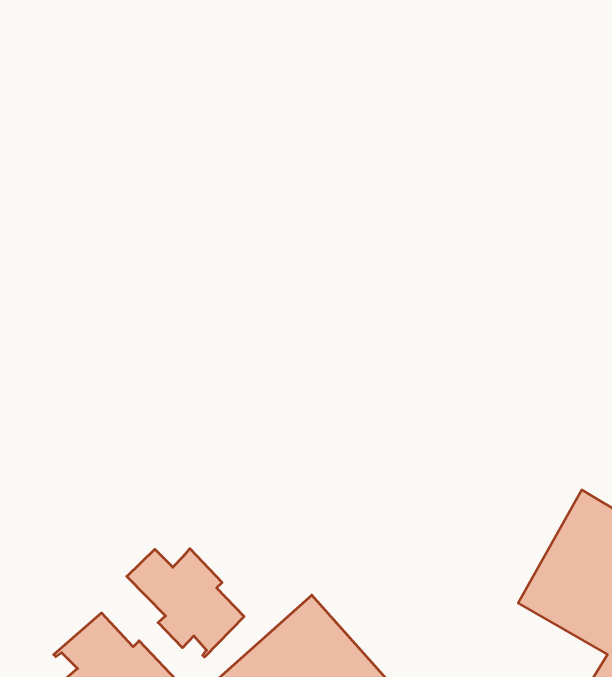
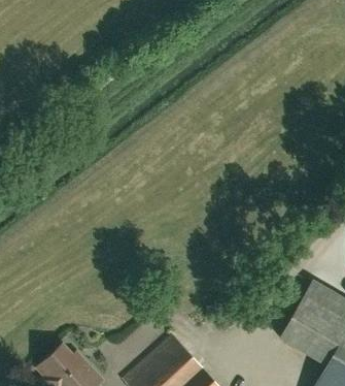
building: [127,549,244,657] -> none

